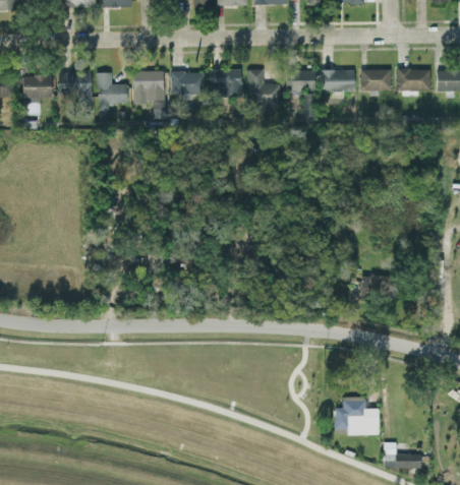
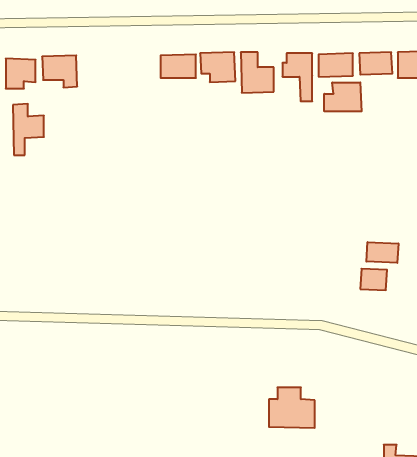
building: [133,71,165,118] -> none
building: [98,72,127,121] -> [13,104,44,155]
building: none -> [324,82,362,111]
building: none -> [366,242,398,263]
building: [335,397,379,435] -> [269,387,315,428]

